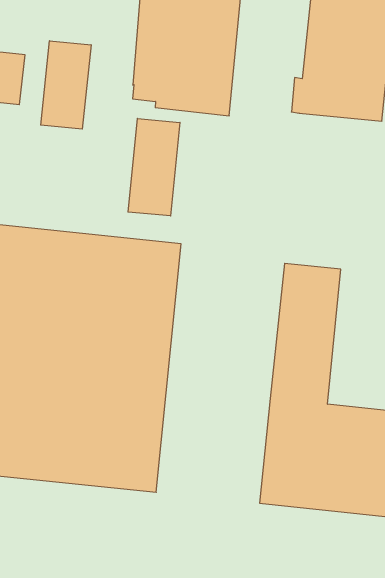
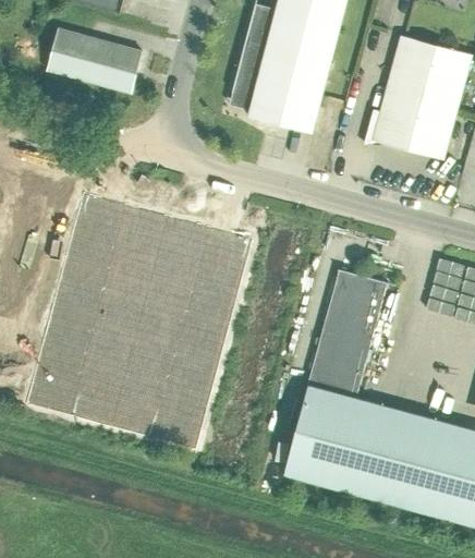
building: [41,41,91,129] -> none
building: [128,118,180,216] -> none

